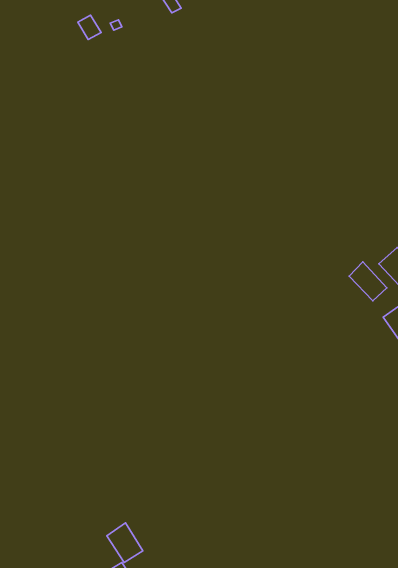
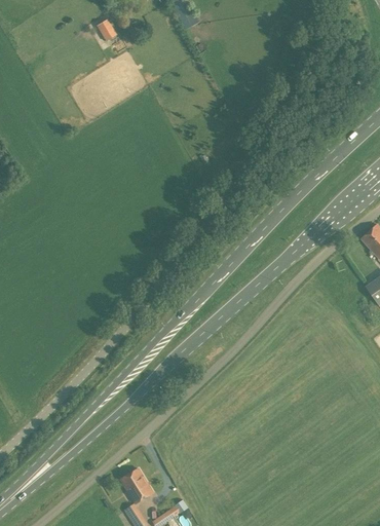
building: [349,262,387,301] -> none

